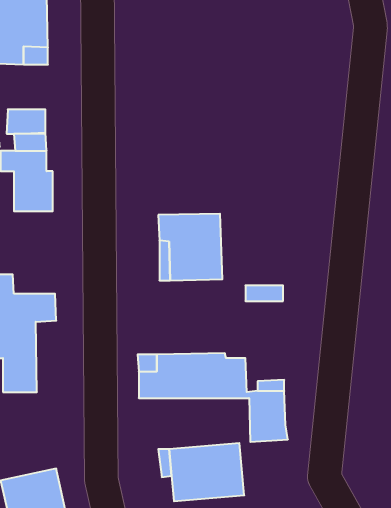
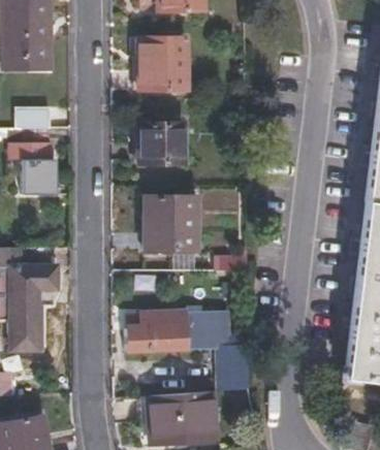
building: none -> [129,39,178,92]
building: none -> [142,126,189,164]

